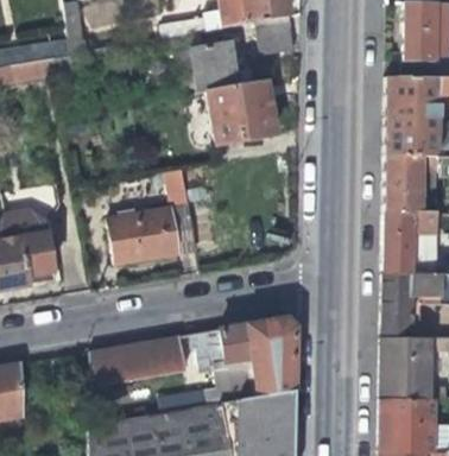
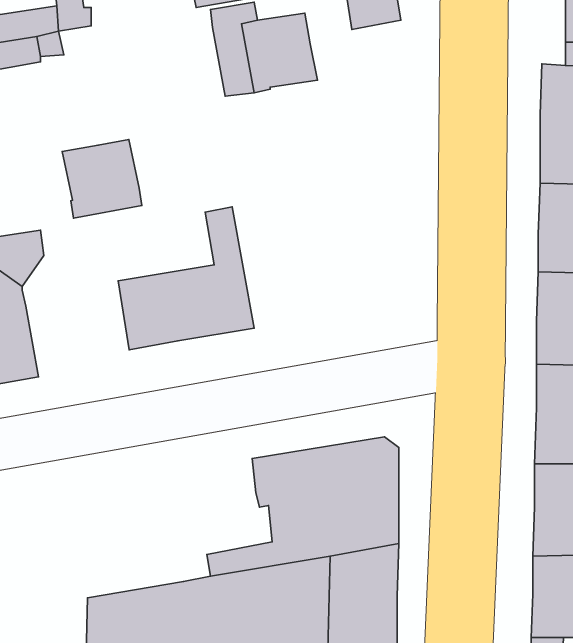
building: [209,81,274,142] -> none
building: none -> [62,139,142,218]
building: [90,337,186,388] -> none

